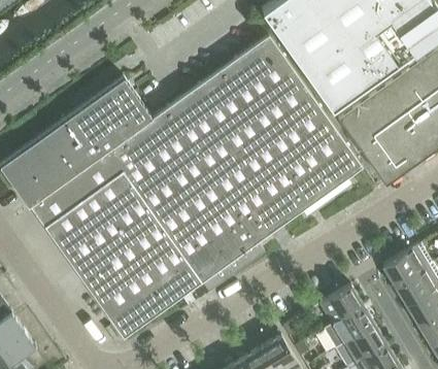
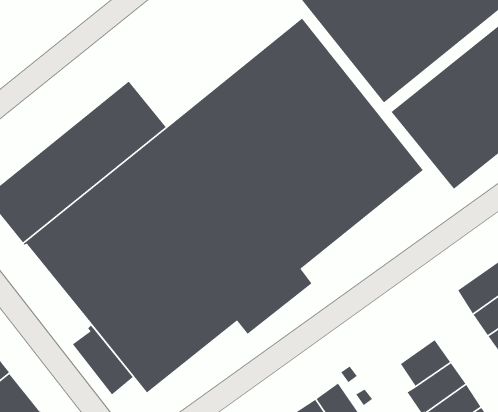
building: none -> [72,324,134,396]
building: [319,286,362,324] -> none

